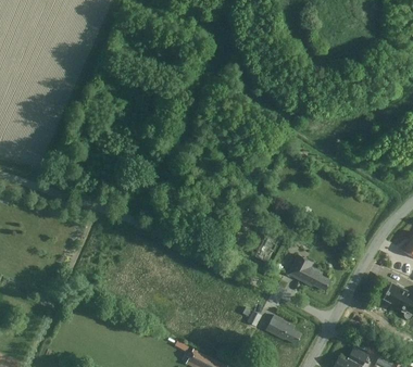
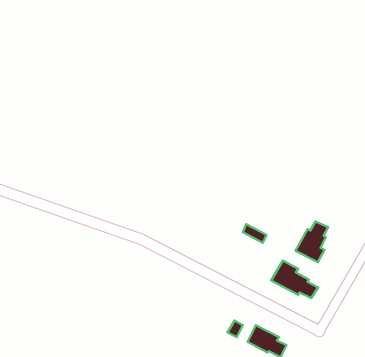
building: none -> [295,221,328,262]

